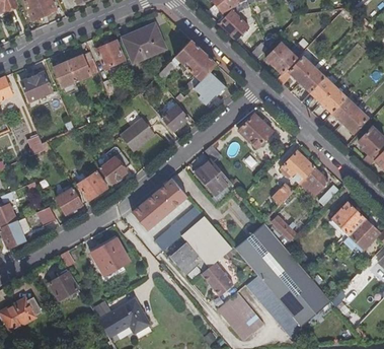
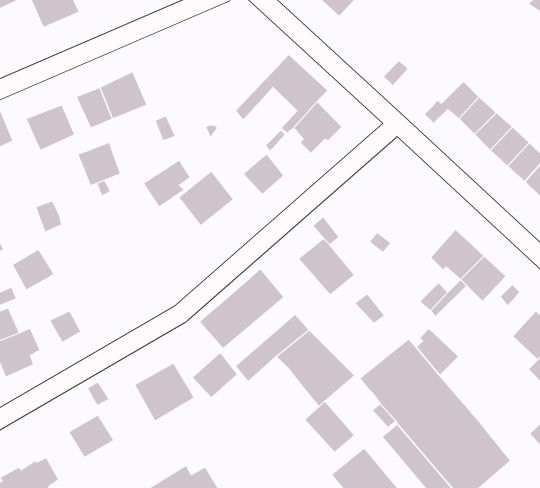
building: [218,10,248,40] -> none
building: [122,24,165,62] -> none
building: [95,40,125,68] -> none
building: [265,42,301,73] -> none
building: none -> [78,142,120,186]
building: [238,115,273,148] -> none
building: [100,151,131,182] -> [143,160,190,207]
building: [75,168,106,197] -> none
building: [55,187,82,213] -> [12,249,55,290]
building: [170,241,200,271] -> [192,352,238,398]

